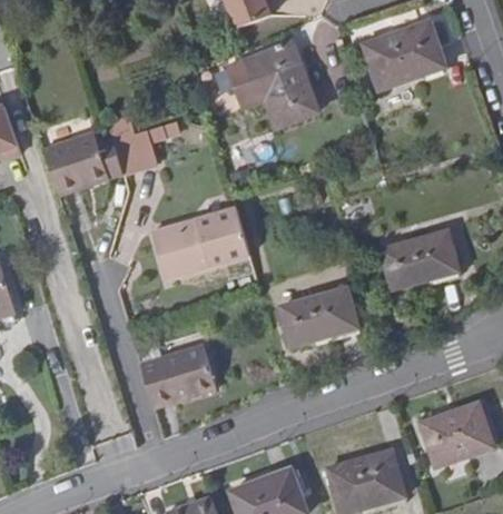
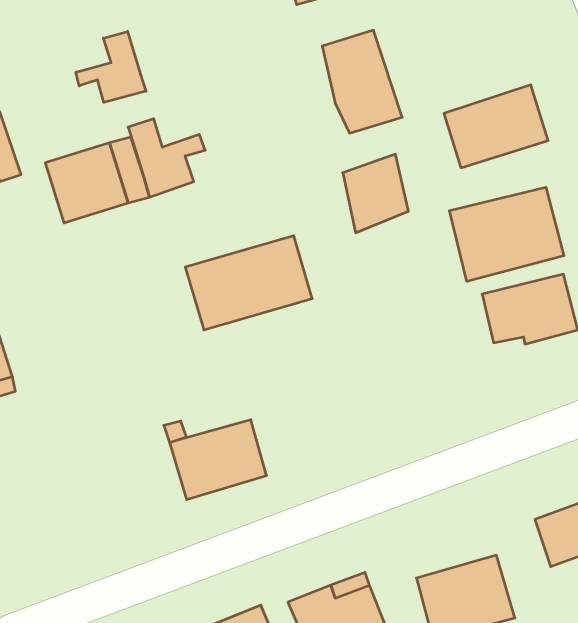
building: [363,27,444,91] -> [444,85,548,168]
building: none -> [76,31,146,102]
building: [215,56,266,117] -> [343,154,408,233]
building: none -> [449,187,564,281]
building: [284,288,354,343] -> none

